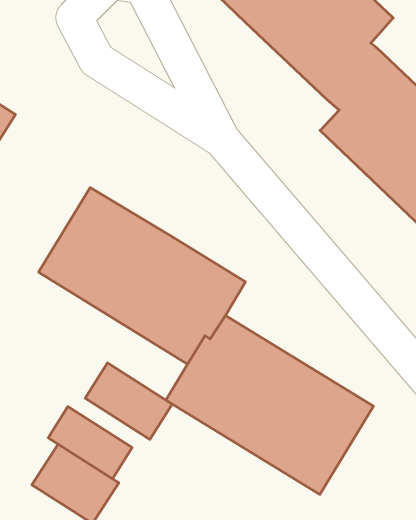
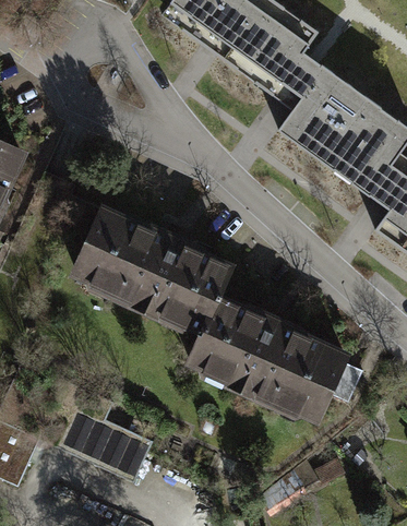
building: [85,363,172,439] -> none
building: [48,407,132,479] -> none

